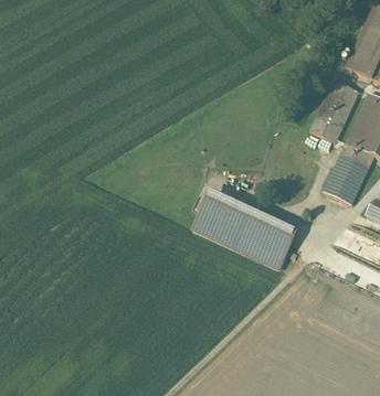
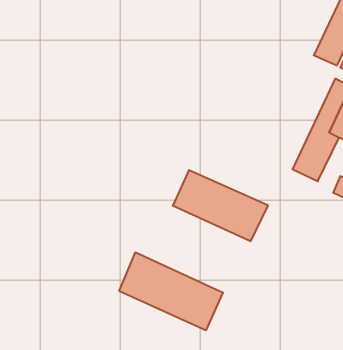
building: [309,79,358,142] -> none
building: none -> [119,252,223,330]

